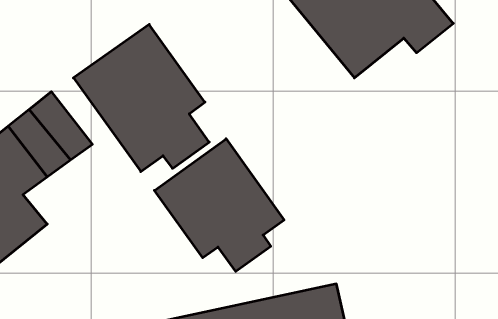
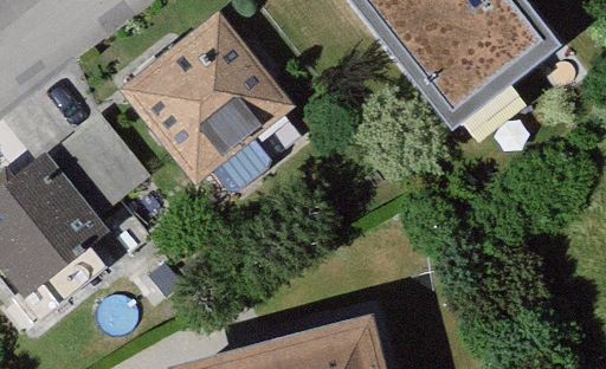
building: [154,139,284,271] -> none

